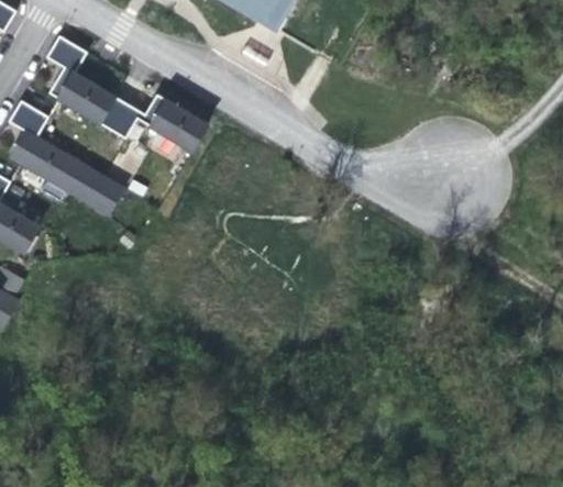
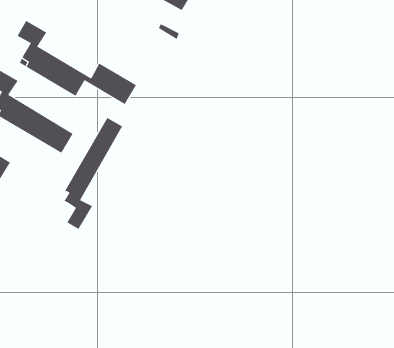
building: none -> [64,117,123,230]

